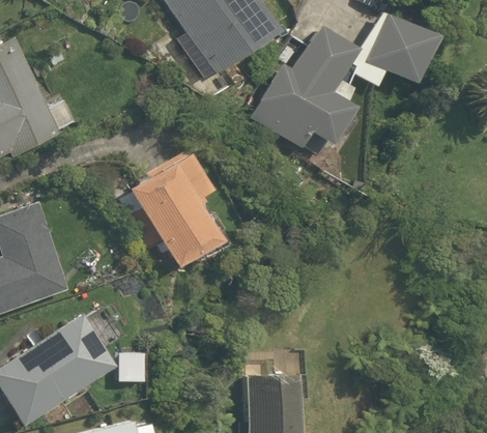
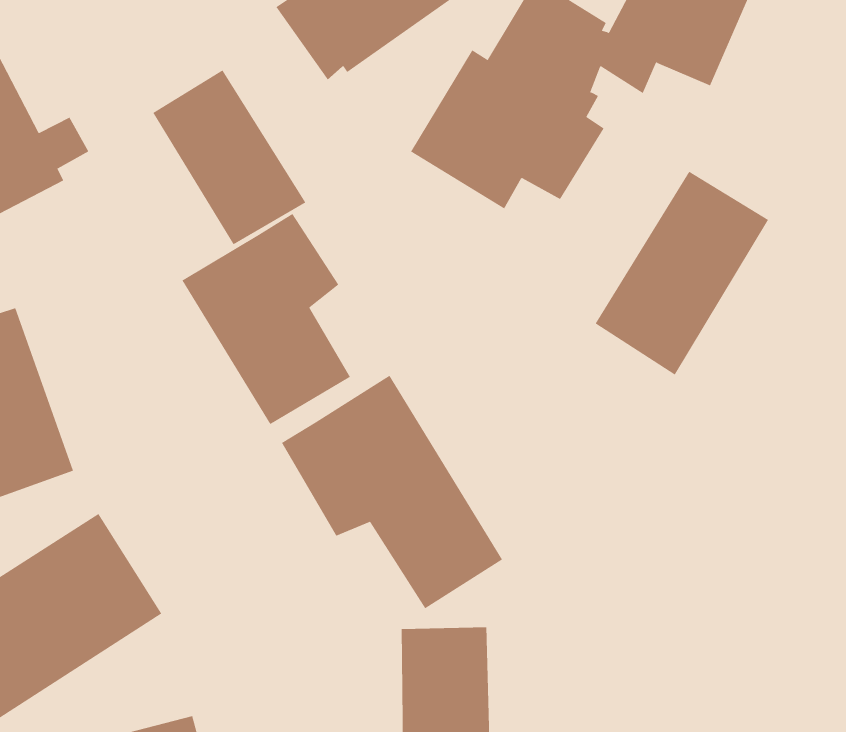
building: none -> [153,69,306,245]
building: none -> [595,171,769,376]
building: none -> [281,375,503,609]

